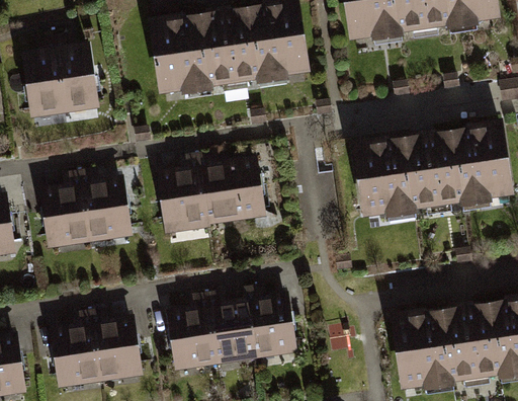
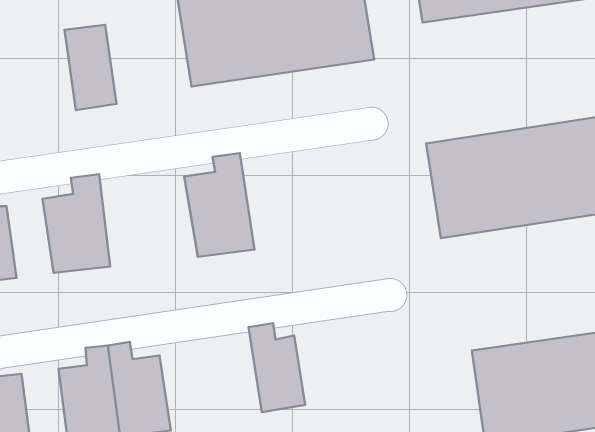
building: [20,50,65,119] -> none
building: [199,148,268,230] -> none
building: [84,166,133,244] -> none
building: [242,285,293,357] -> none
building: [166,294,218,371] -> none

